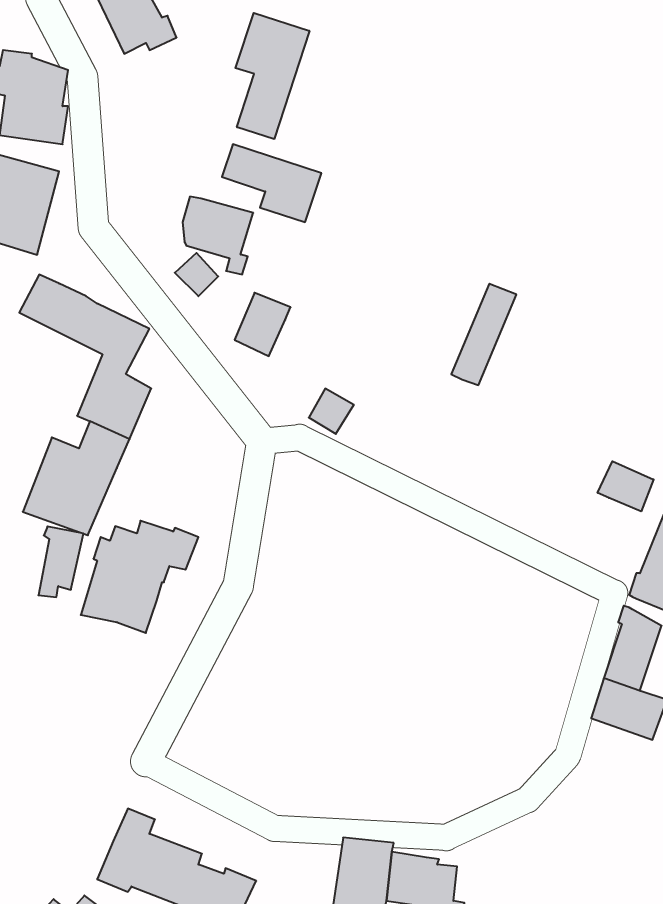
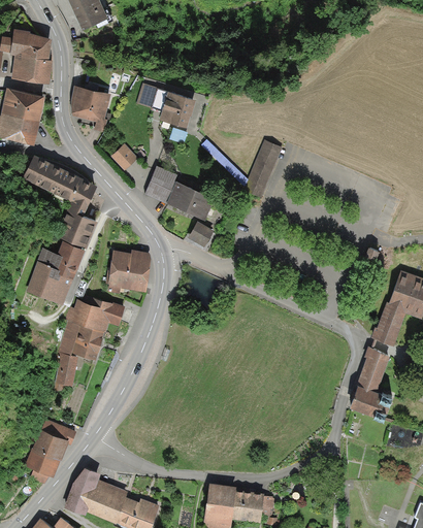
building: [235,13,309,139] -> none
building: [183,197,253,274] -> [70,88,110,132]
building: [451,284,516,385] -> [245,140,282,198]
building: none -> [165,184,214,221]
building: none -> [107,252,151,294]
building: [598,461,654,511] -> none
building: [38,526,84,597] -> [53,352,78,392]
building: none -> [26,419,76,481]

